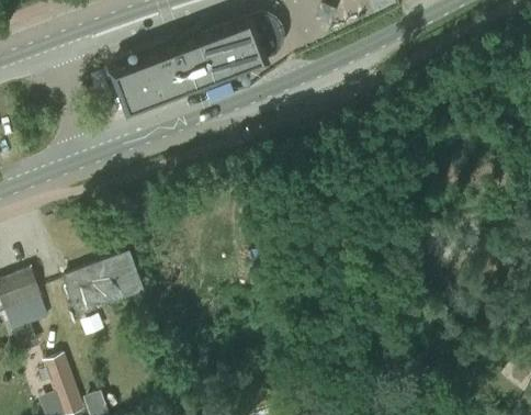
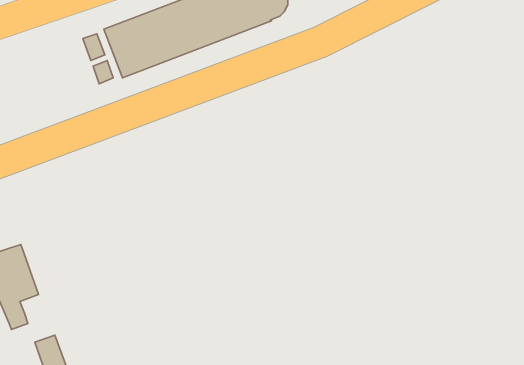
building: [65,253,144,315] -> none

